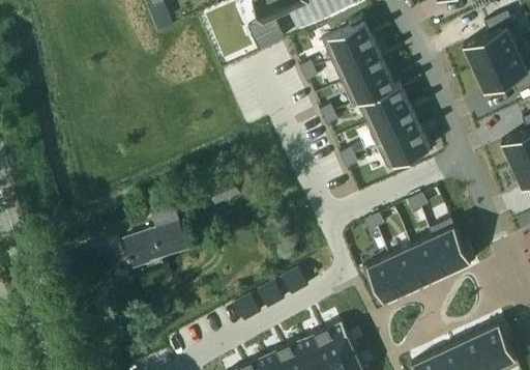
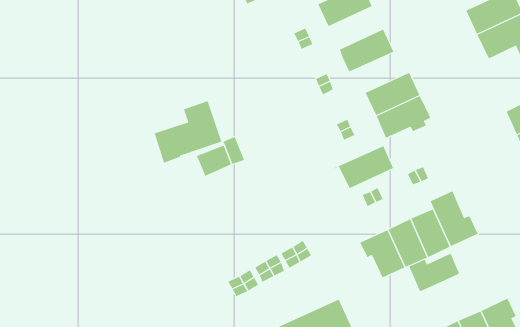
building: [331,42,384,84] -> none
building: [351,84,409,125] -> [333,145,394,189]
building: [123,209,188,269] -> [154,100,222,163]
building: none -> [408,253,460,292]

